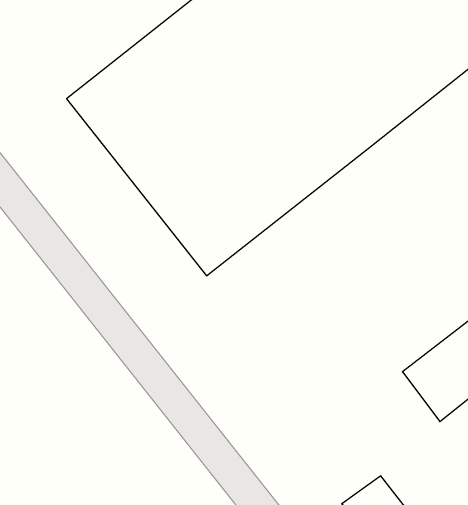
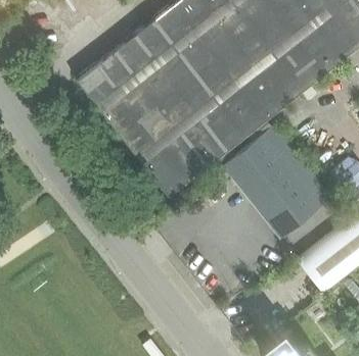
building: none -> [224,125,330,239]

